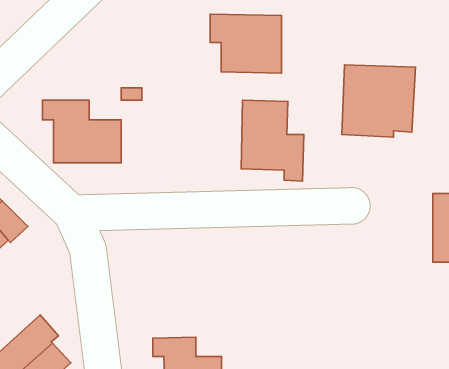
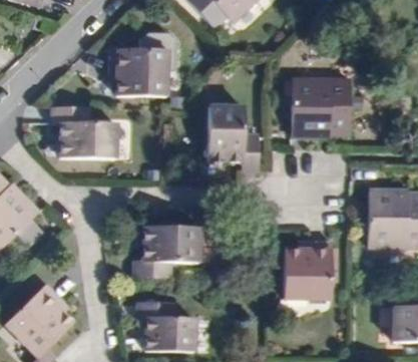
building: [210,14,281,73] -> [104,45,162,93]
building: none -> [136,227,200,276]
building: none -> [285,240,332,297]

